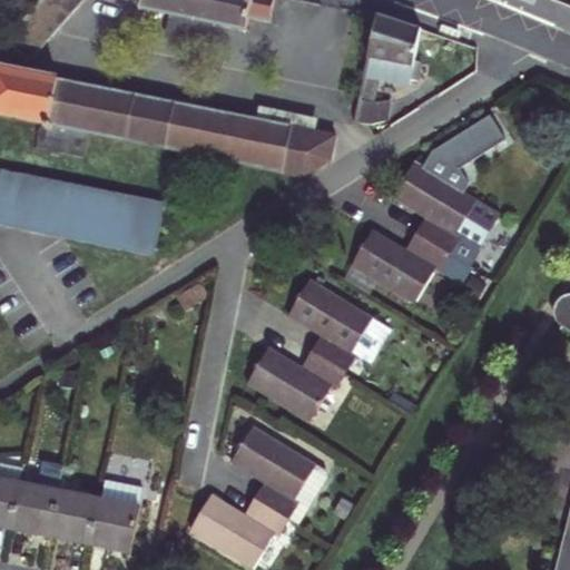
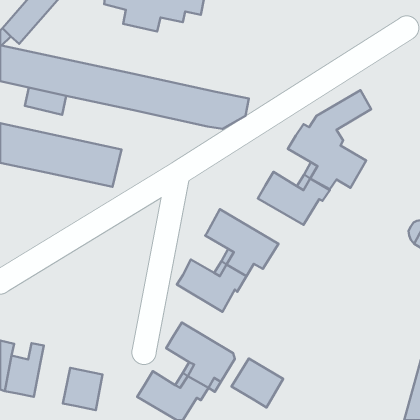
building: [357,13,424,122] -> none
building: none -> [231,358,283,408]
building: [49,488,98,543] -> none

